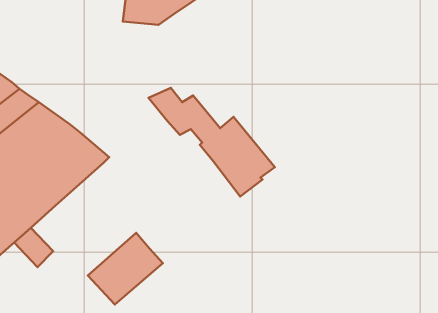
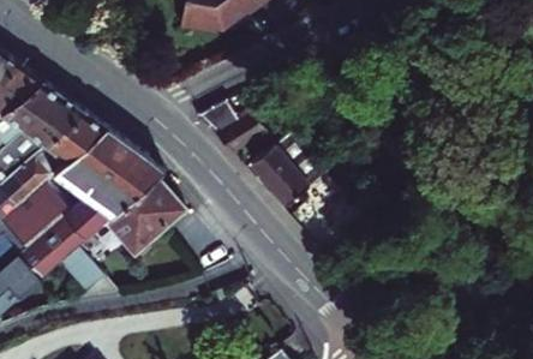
building: [88,233,163,305] -> [102,181,182,258]

